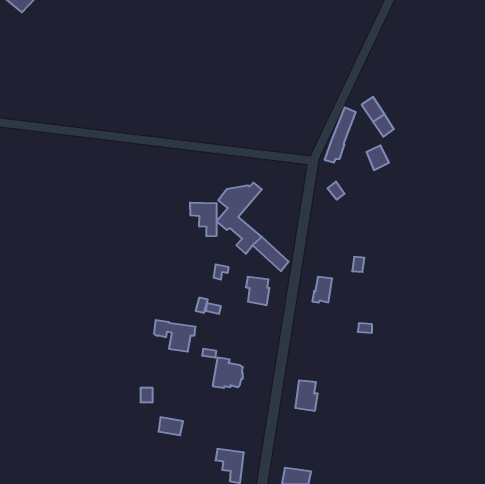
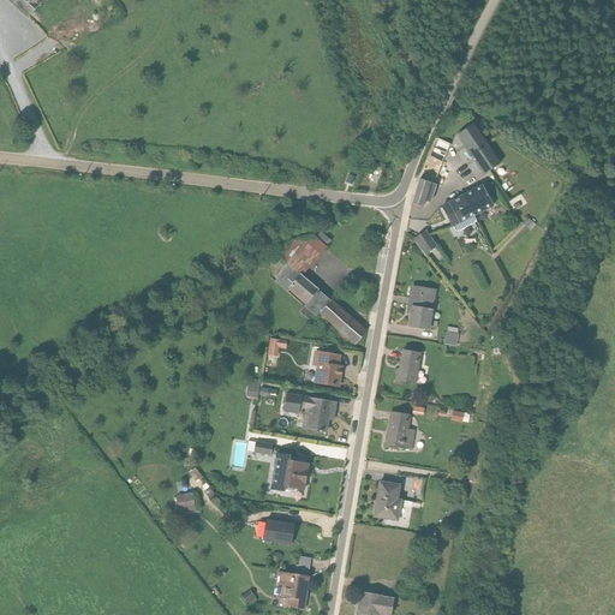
building: none -> [441,192,476,231]
building: [190,202,216,236] -> none
building: none -> [407,286,437,328]
building: [154,320,196,352] -> [282,392,335,431]
building: none -> [384,411,414,448]
building: [158,417,183,435] -> [263,519,294,542]

